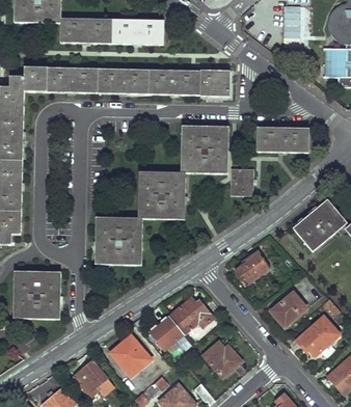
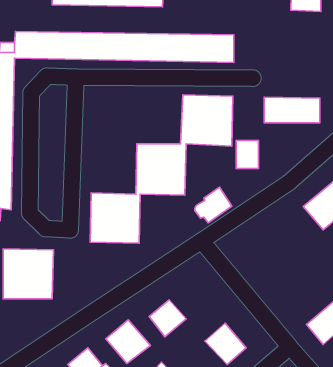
building: [234,251,268,284] -> [195,187,232,223]
building: [271,294,305,326] -> none
building: [168,299,213,334] -> none

